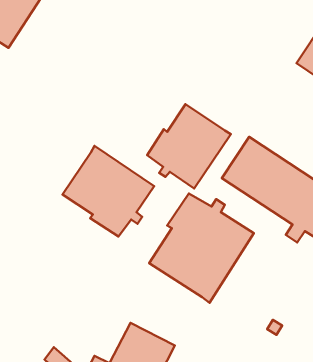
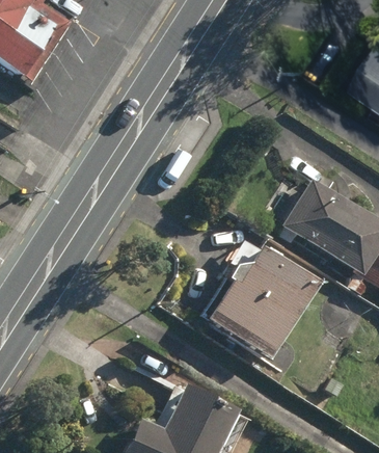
building: [147,104,231,188] -> none
building: [62,146,154,236] -> none

